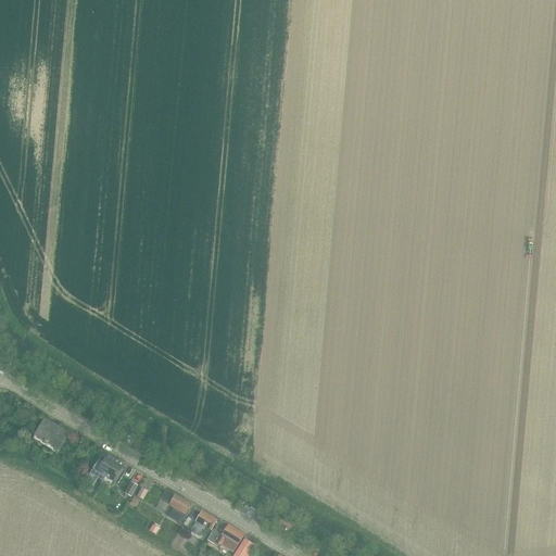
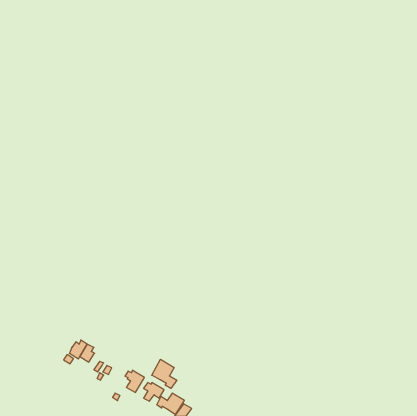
building: [33,418,70,453] -> none
building: none -> [152,359,177,388]

